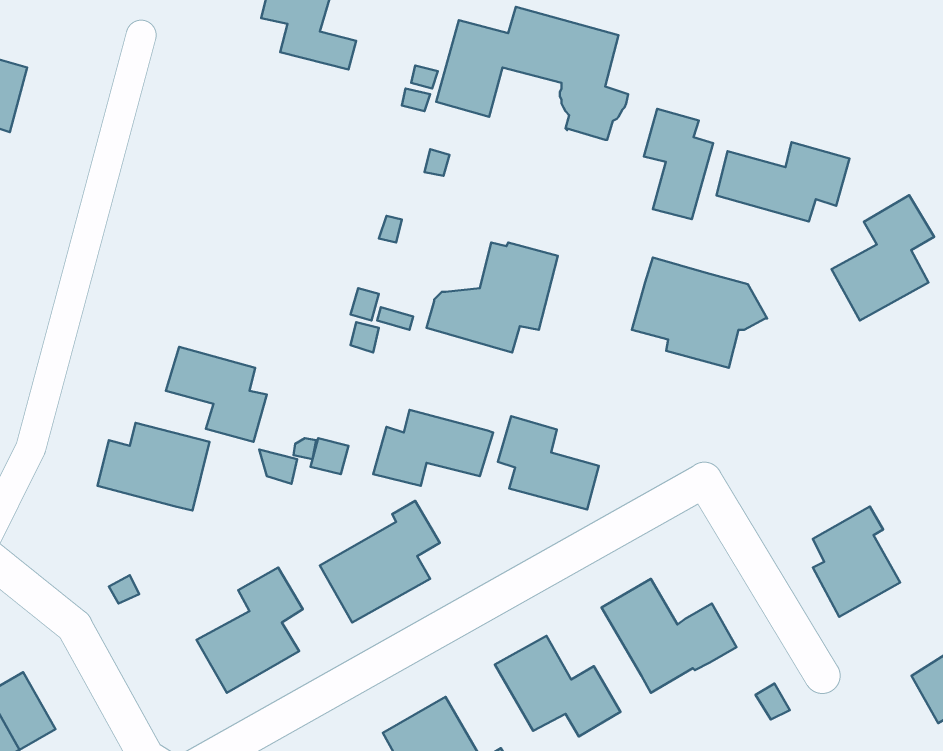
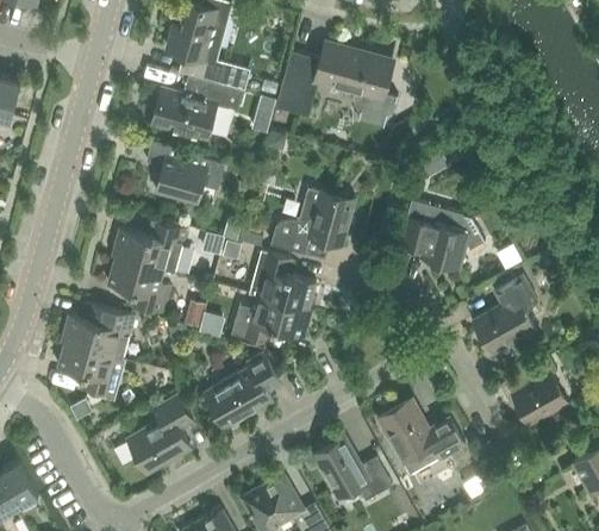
building: none -> [151,79,242,140]
building: [644,109,713,219] -> none
building: [717,142,849,222] -> none
building: none -> [146,142,225,205]
building: [831,195,934,321] -> [473,275,537,354]
building: none -> [116,223,186,270]
building: [498,416,599,509] -> [252,251,316,310]
building: none -> [57,344,119,399]

